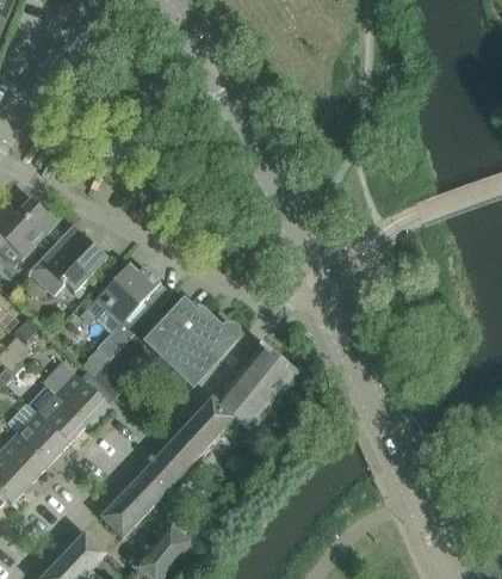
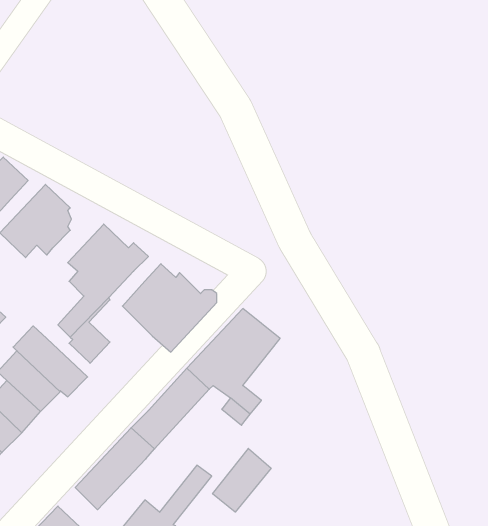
building: none -> [213,448,271,512]

